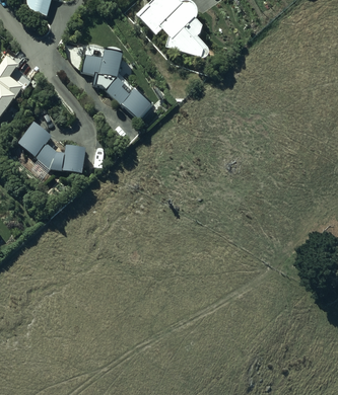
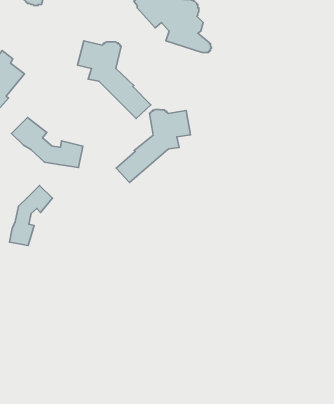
building: none -> [116,109,190,182]
building: none -> [10,186,53,245]

